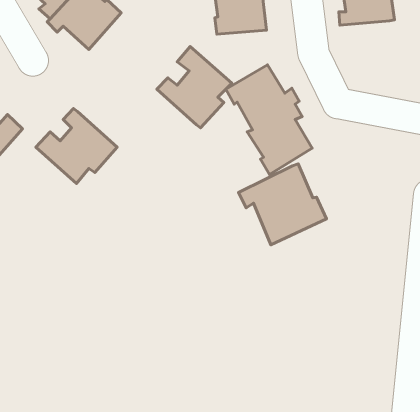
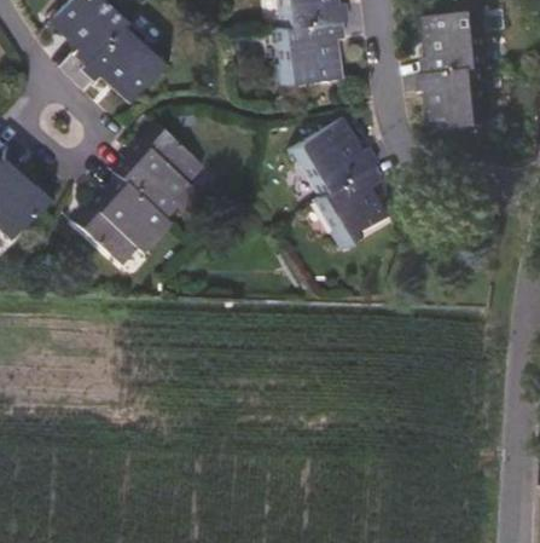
building: none -> [422,68,497,131]
building: [157,46,232,128] -> [116,125,205,221]
building: [238,164,327,245] -> none

